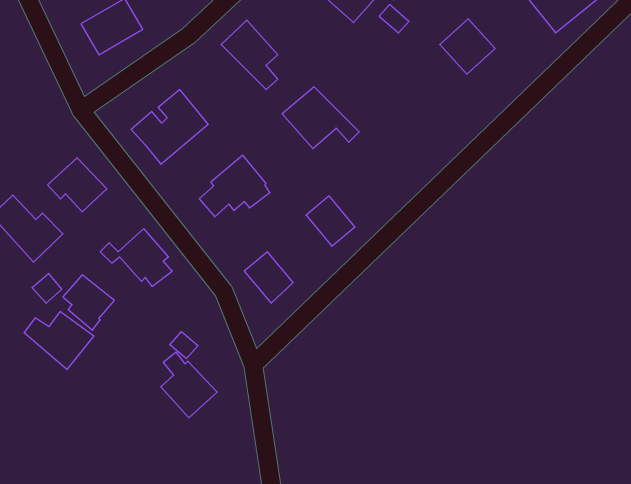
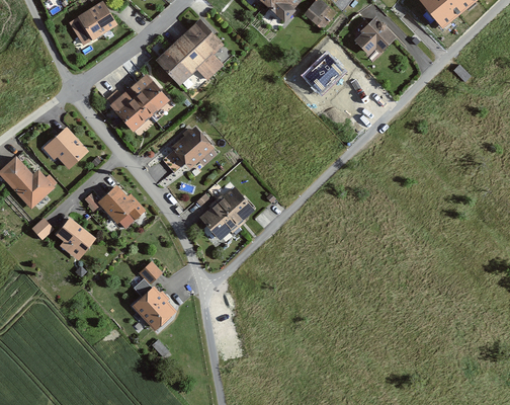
building: none -> [302,51,346,94]
building: [282,87,359,149] -> [154,36,215,85]
building: [306,196,355,246] -> [216,184,254,224]
building: [24,312,94,370] -> none

